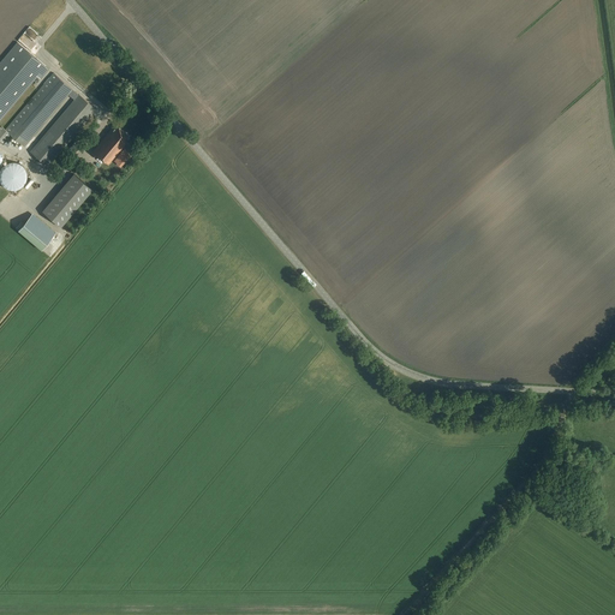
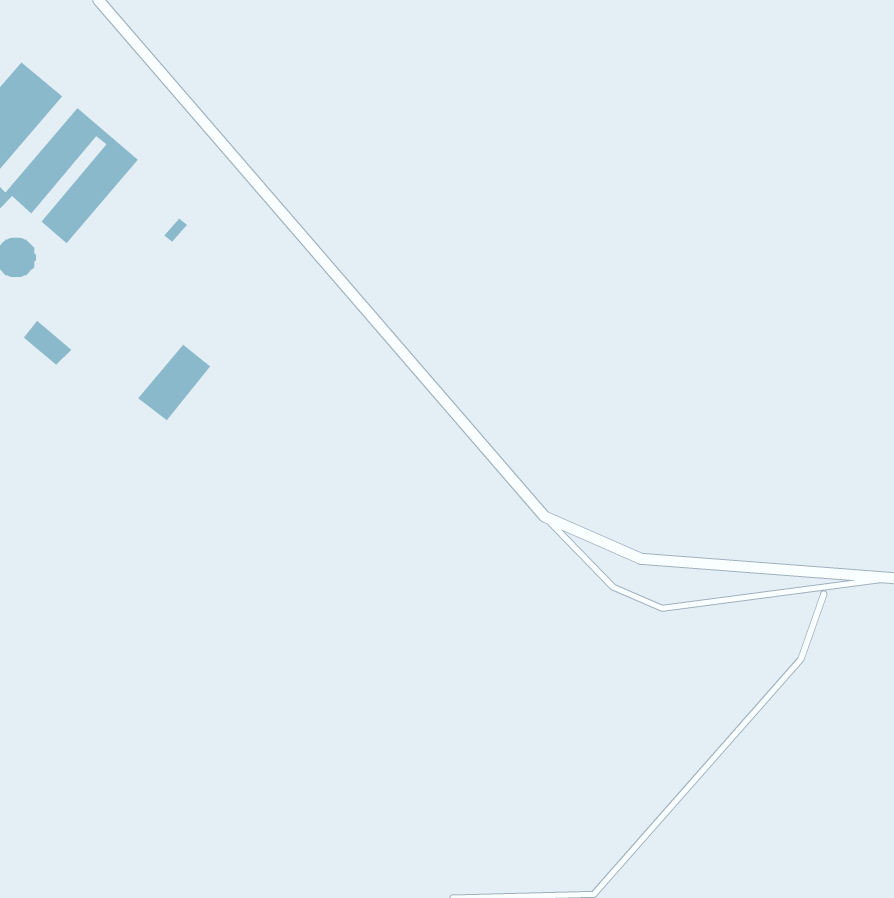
building: [90,125,130,165] -> none
building: [40,174,90,227] -> [137,344,211,421]

